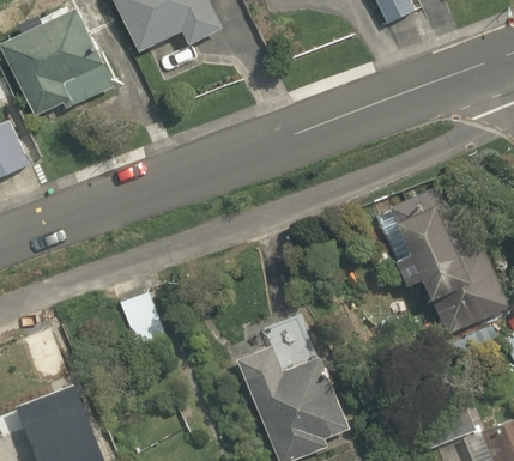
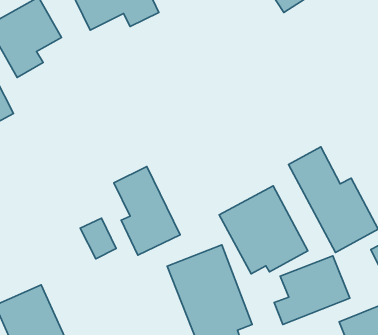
building: none -> [114,167,180,255]
building: none -> [219,186,308,274]
building: none -> [274,256,350,324]

